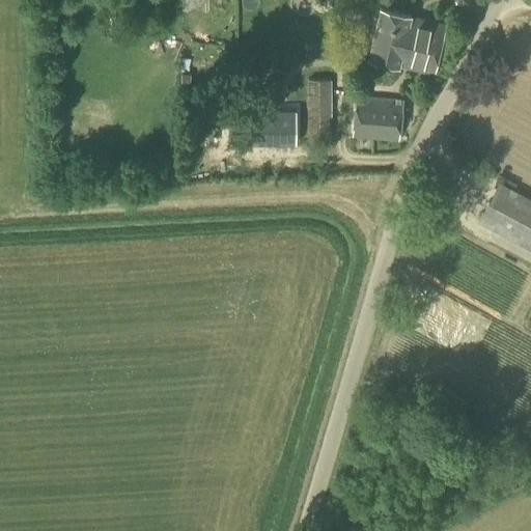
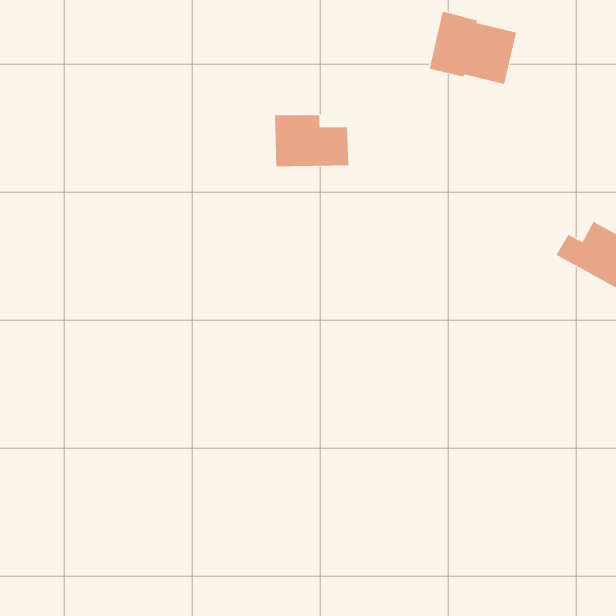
building: [307,80,332,141] -> none
building: [354,100,402,143] -> none

